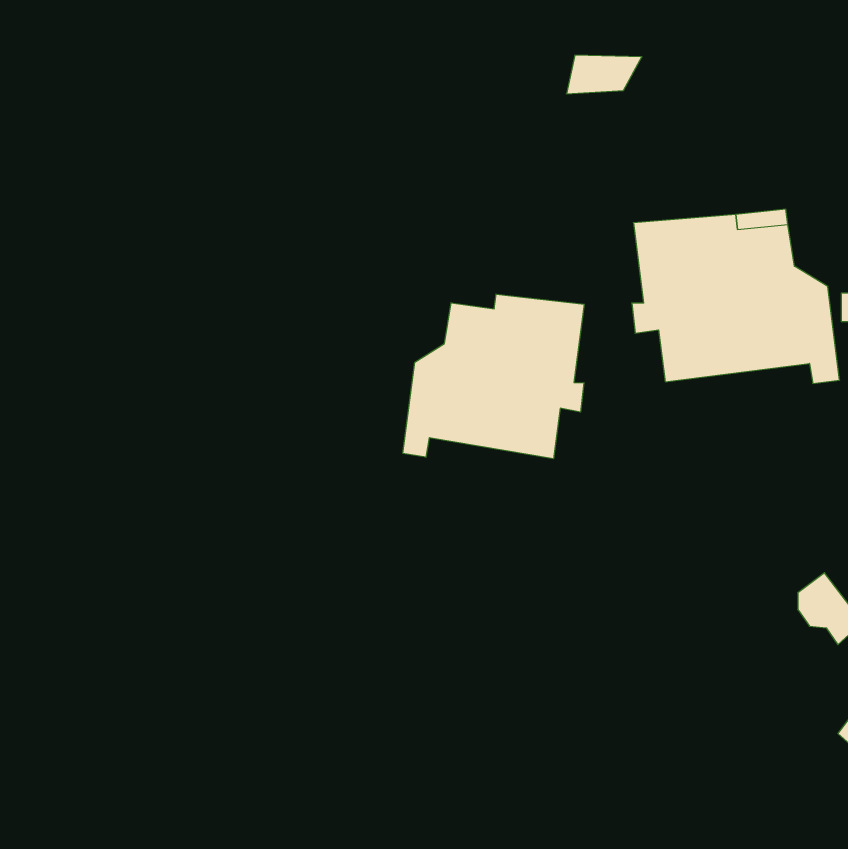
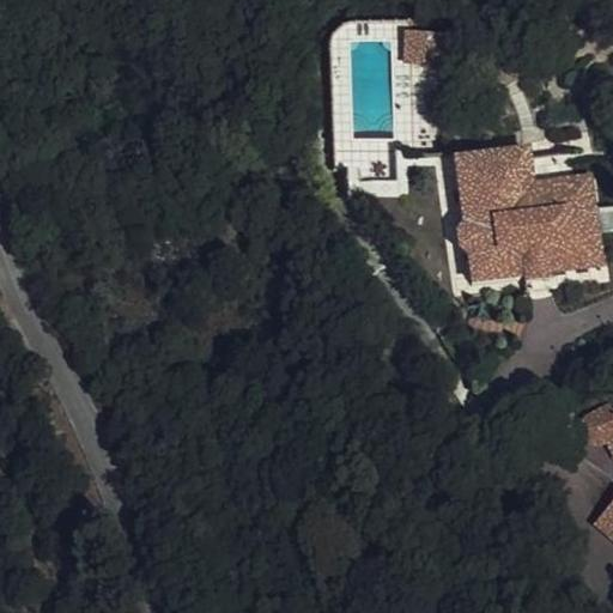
building: [403,294,584,459] -> none

